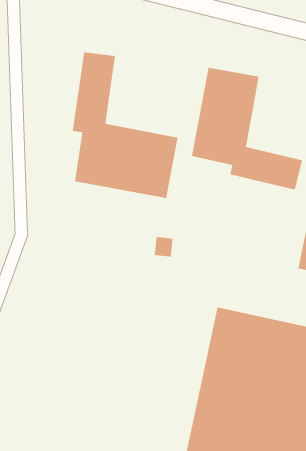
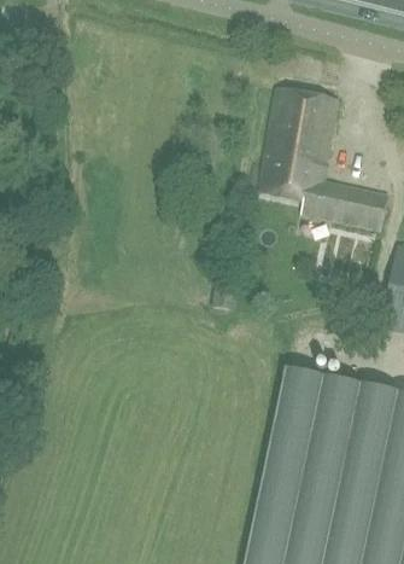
building: [72,51,178,199] -> none

